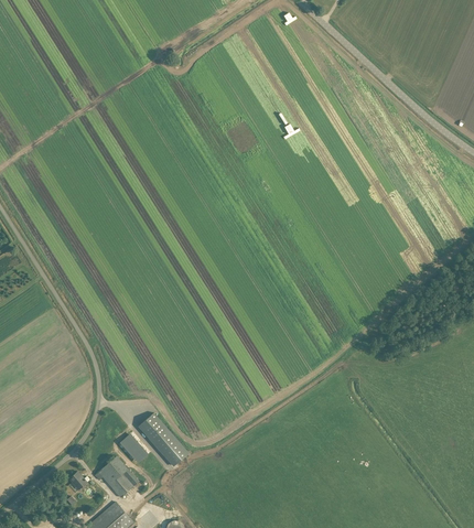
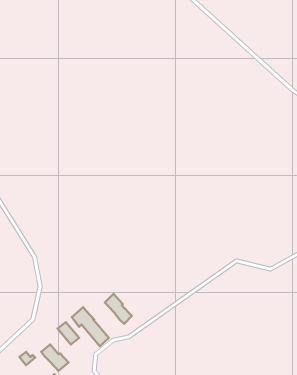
building: none -> [105,294,132,324]

